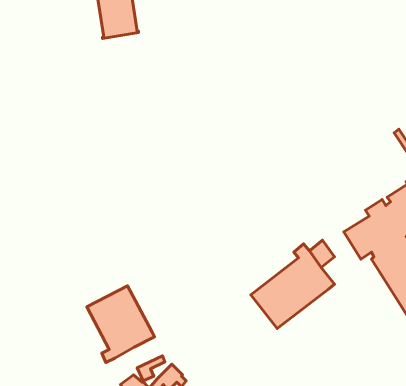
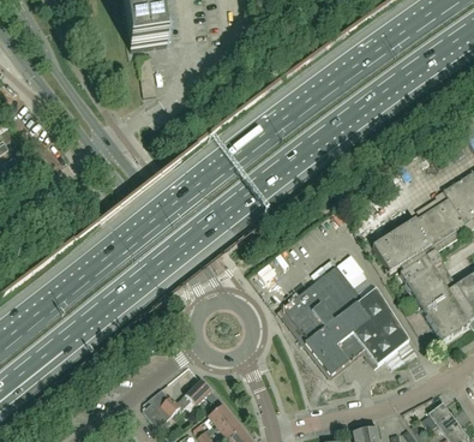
building: none -> [305,288,418,375]
building: [87,286,155,362] -> none

